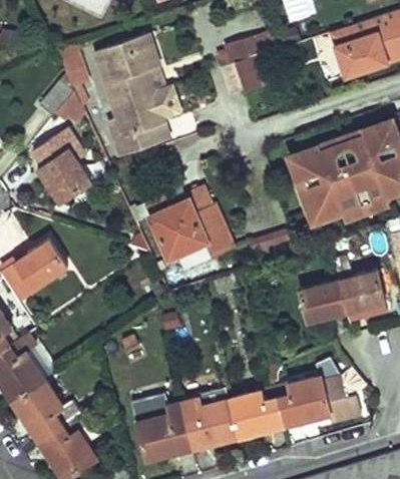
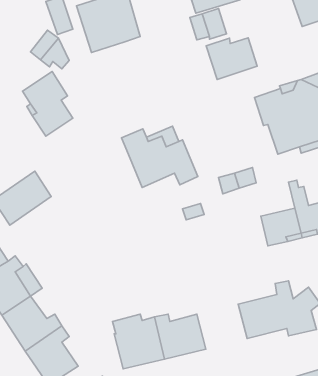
building: [107,88,179,156] -> none
building: none -> [206,38,257,79]
building: [228,389,284,439] -> none

